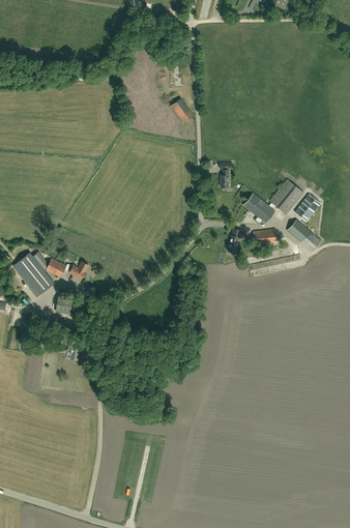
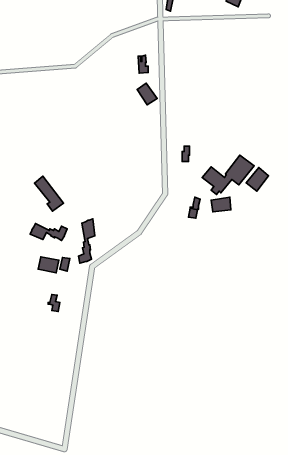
building: [287,218,322,248] -> none
building: none -> [78,219,95,263]
building: [16,256,49,296] -> [35,176,63,211]

